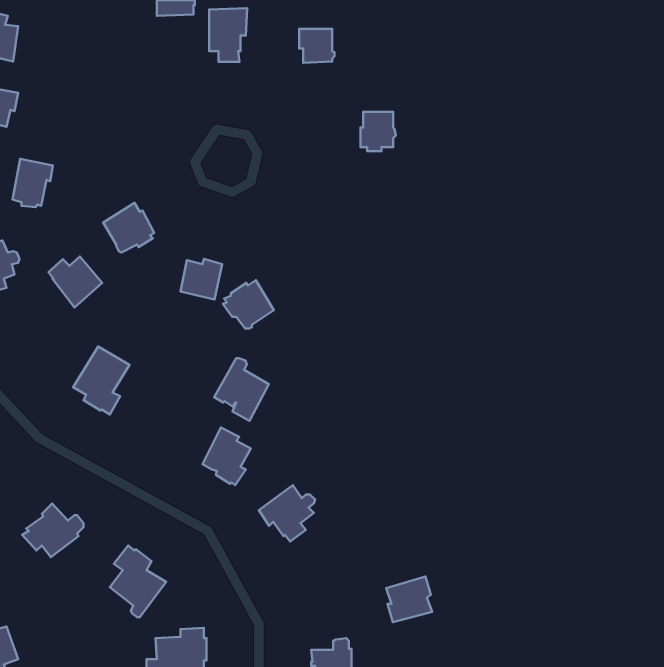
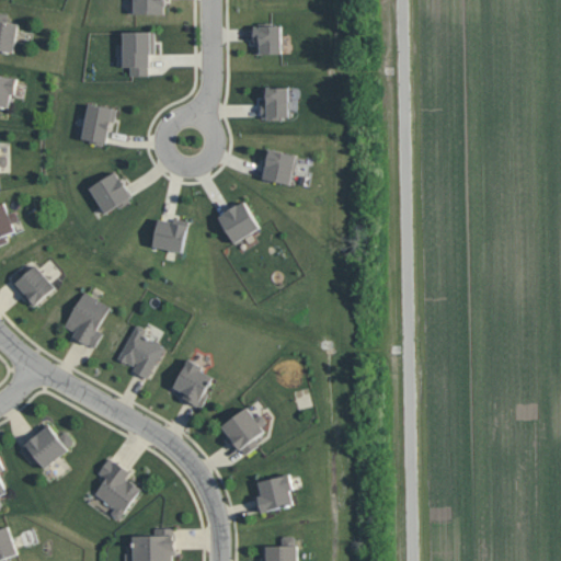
building: [209,8,247,62] -> [121,31,152,76]
building: [361,112,396,151] -> [259,88,288,121]
building: [12,159,53,207] -> [80,104,114,145]
building: none -> [260,149,294,184]
building: [48,257,102,308] -> [8,265,53,308]
building: [223,280,274,329] -> [215,202,257,242]
building: [214,358,269,421] -> [115,325,161,378]
building: [386,577,432,622] -> [253,473,291,512]

